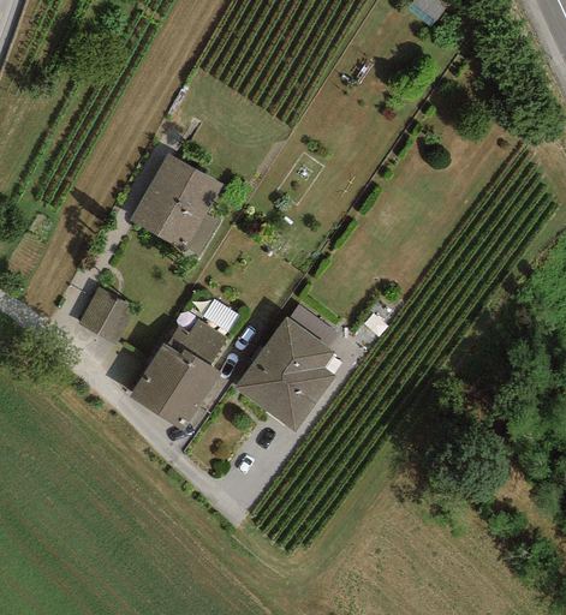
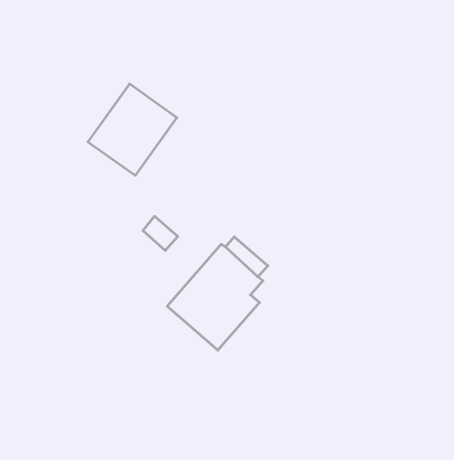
building: [79,287,137,345] -> none
building: [130,317,228,431] -> none

